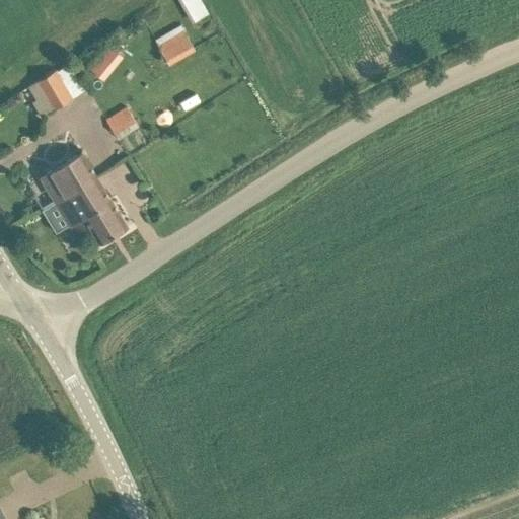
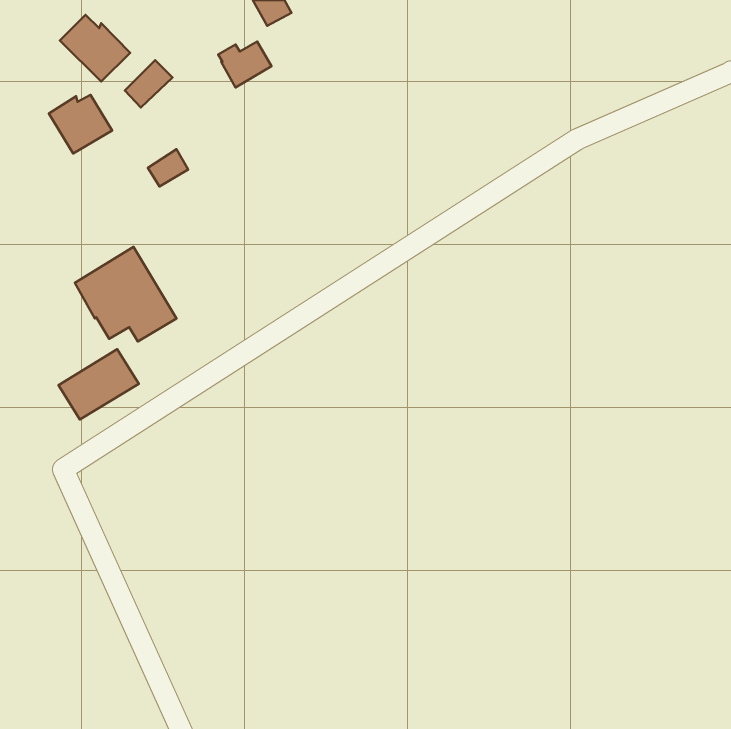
building: none -> [60,15,130,81]
building: [38,153,94,203] -> [58,349,139,420]

